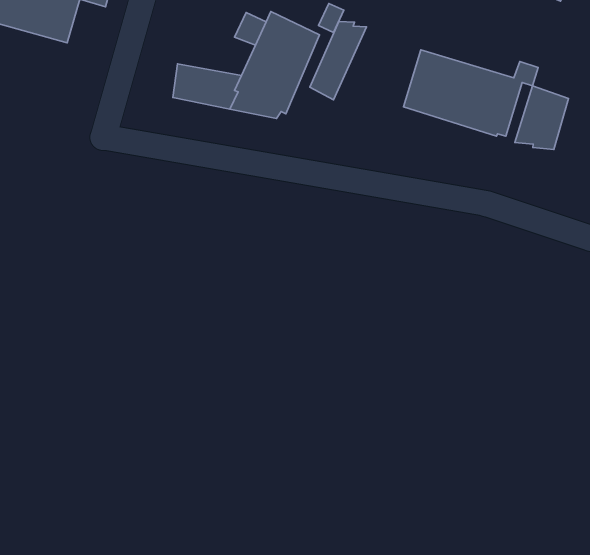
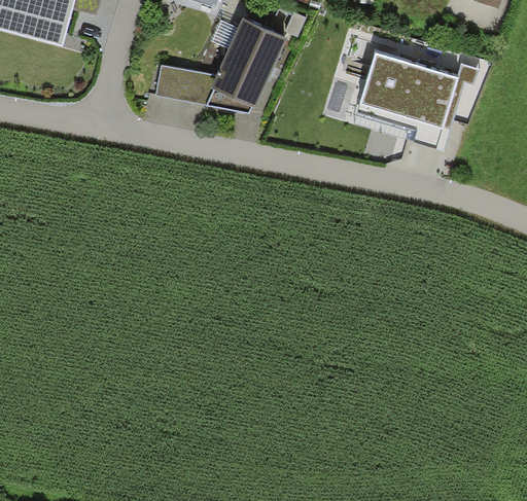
building: [310,21,367,100] -> none
building: [515,86,568,150] -> none

